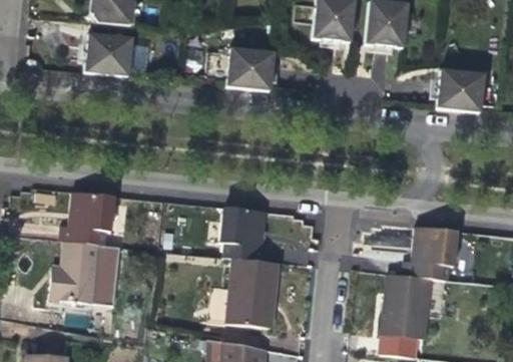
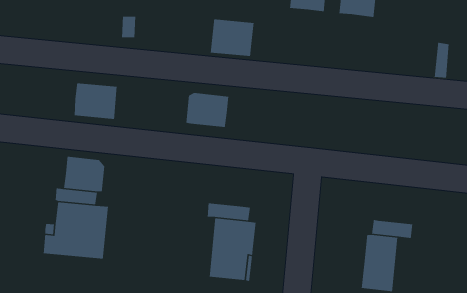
building: [83,33,130,73] -> [74,82,118,120]
building: [438,69,472,109] -> none
building: [220,210,268,248] -> [185,92,229,128]
building: [409,230,455,267] -> none

